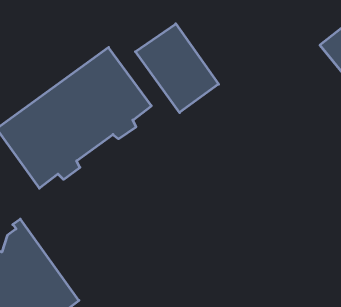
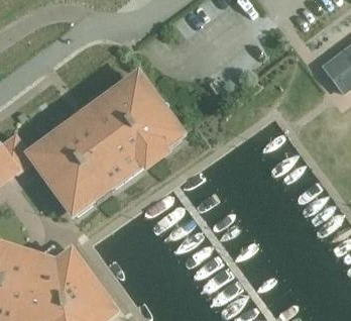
building: [135,24,219,113] -> none

